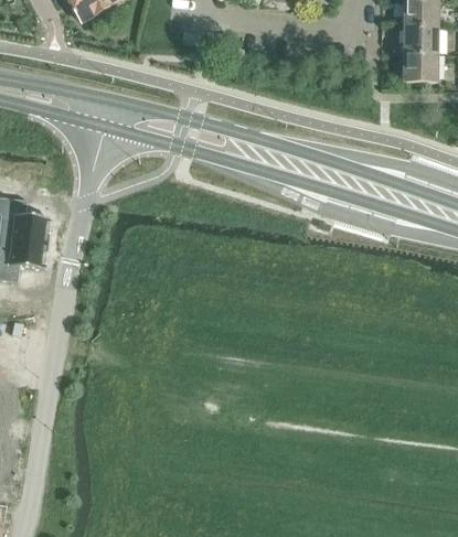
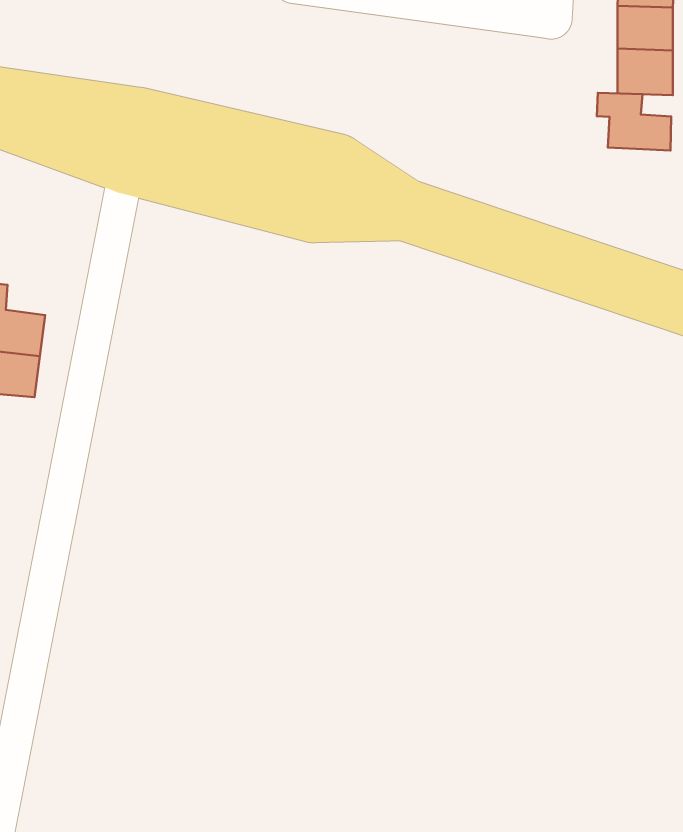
building: none -> [597,93,671,150]

